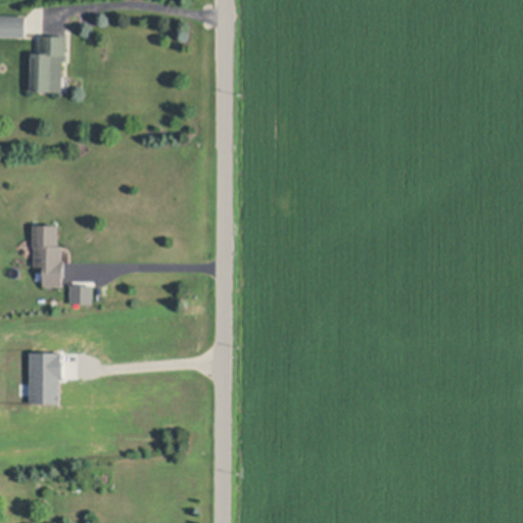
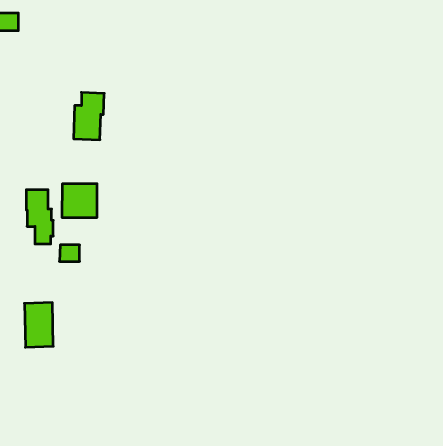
building: [28,37,63,92] -> [74,92,104,140]
building: none -> [62,184,97,218]

